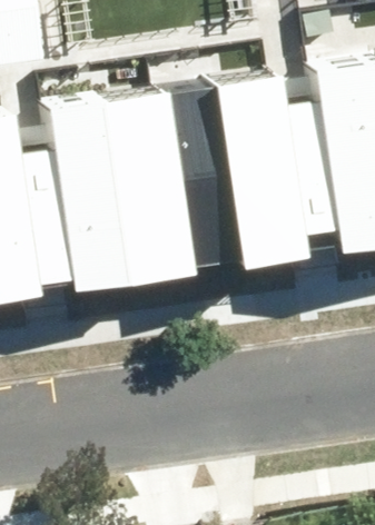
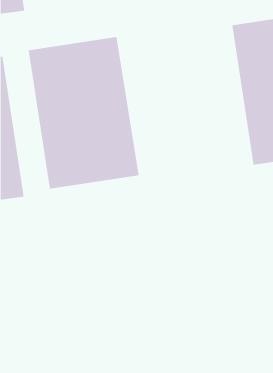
building: [208,68,304,257] -> none

